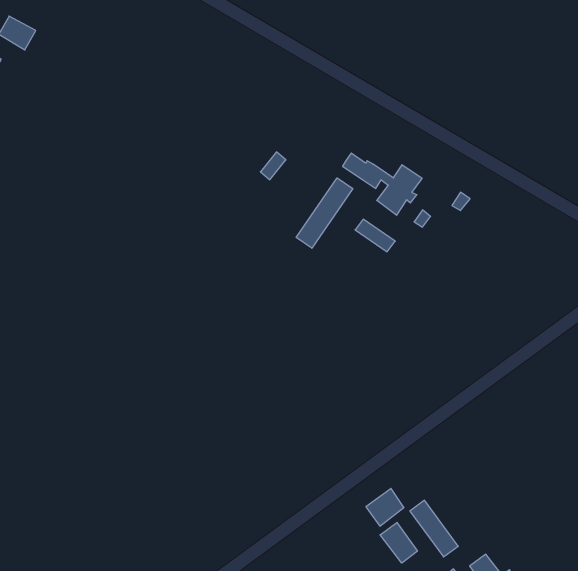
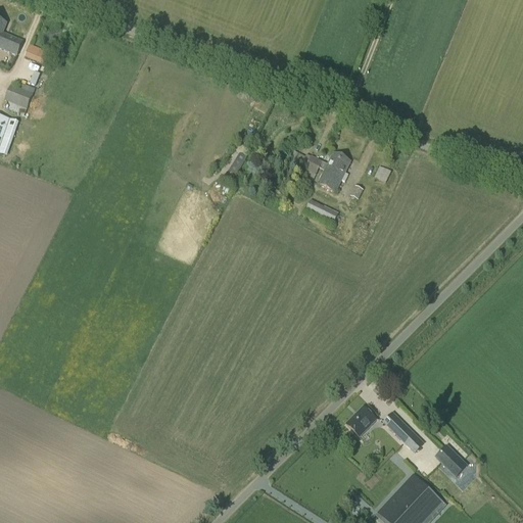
building: [296,178,353,248] -> none
building: [380,522,417,563] -> none

